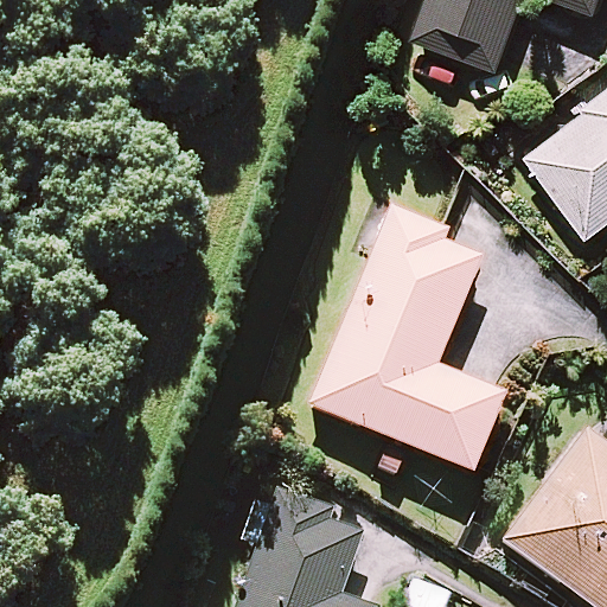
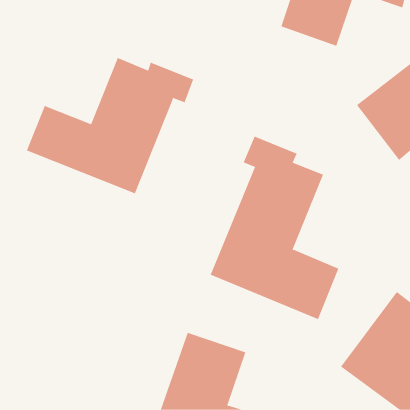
building: none -> [26,57,194,194]

